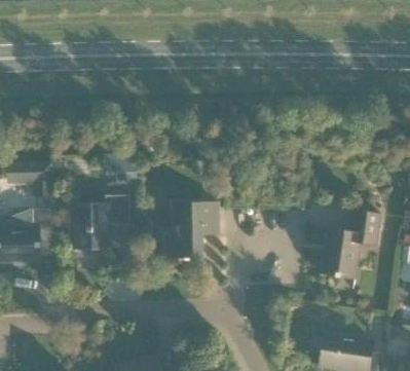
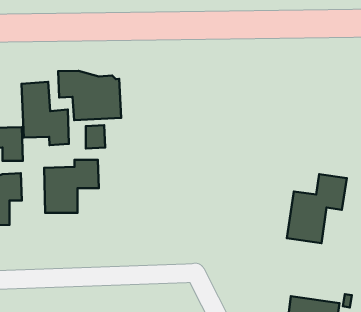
building: none -> [58,71,121,120]
building: none -> [21,82,69,145]
building: [173,203,219,258] -> none

